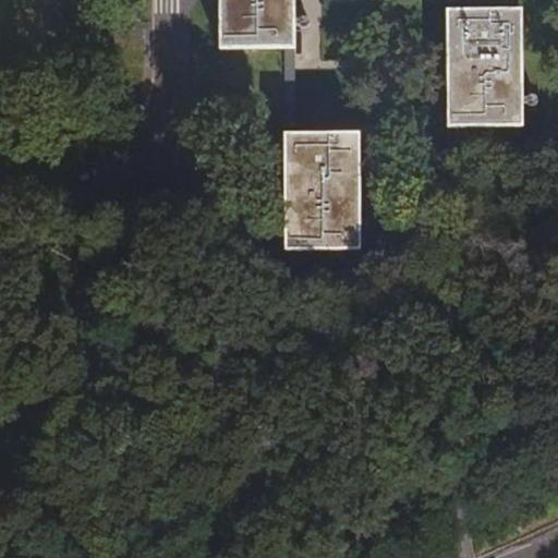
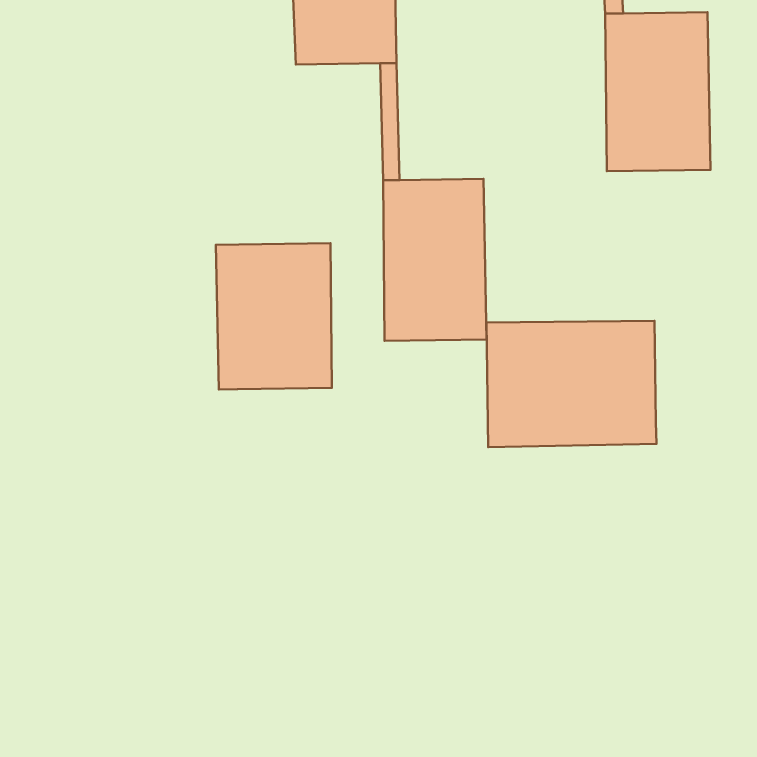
building: none -> [216,243,332,390]
building: none -> [486,321,656,447]

